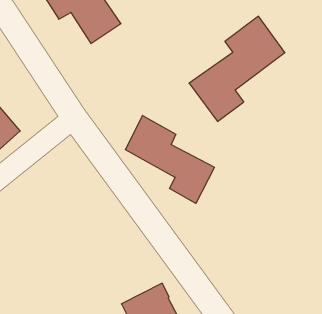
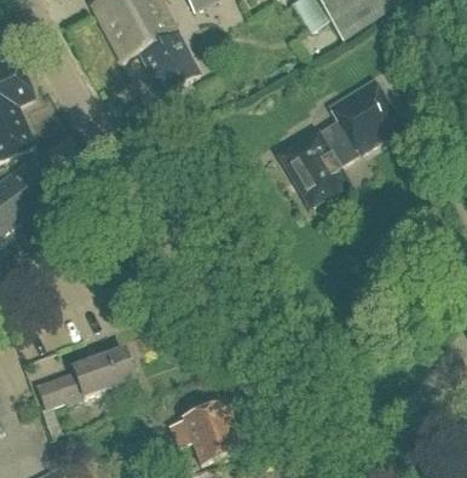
building: [125,115,214,203] -> none
building: none -> [36,350,134,408]

